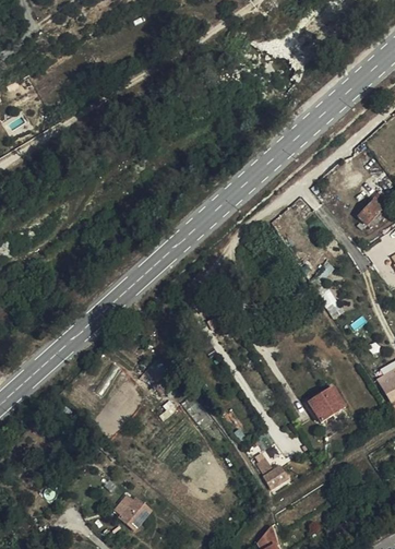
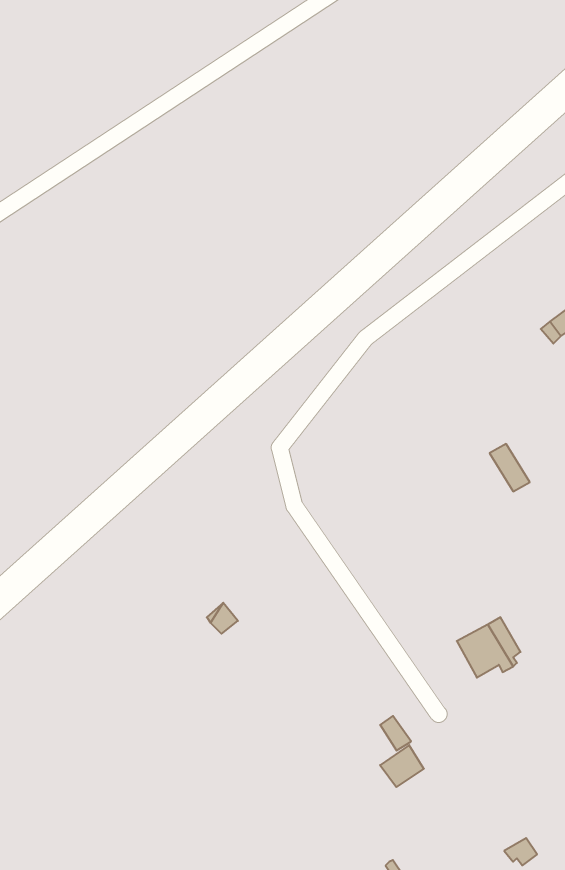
building: [120,496,152,528] -> none

